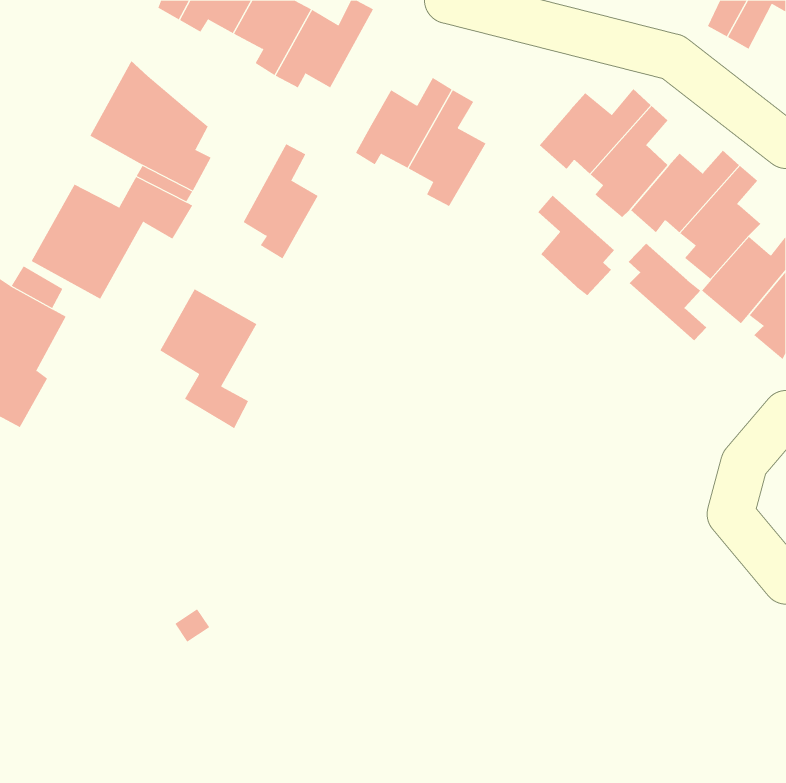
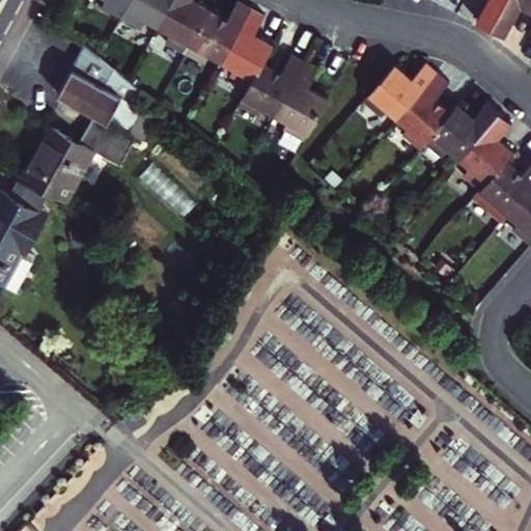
building: [243,143,318,259] -> [222,10,273,88]
building: [538,195,615,296] -> none
building: [628,243,707,341] -> none
building: [159,288,257,429] -> none

